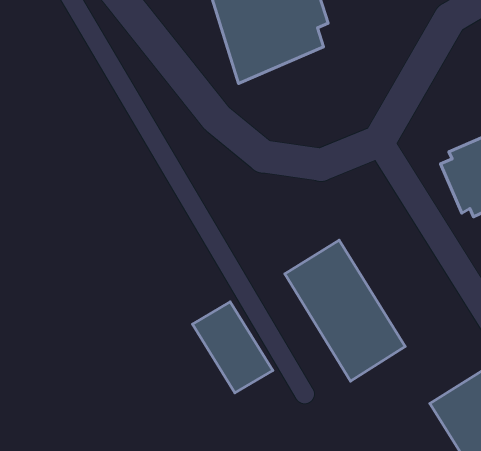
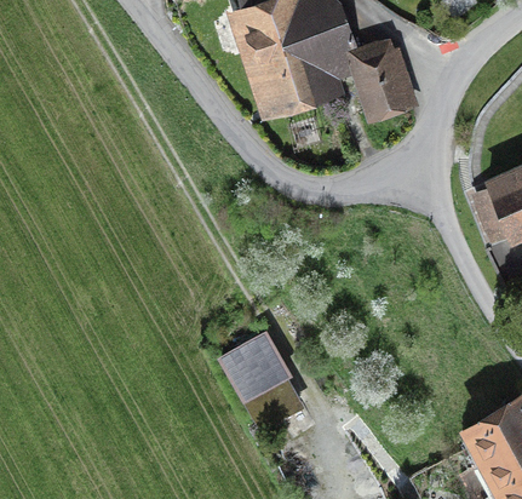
building: none -> [346,40,411,117]
building: [285,240,405,381] -> none

